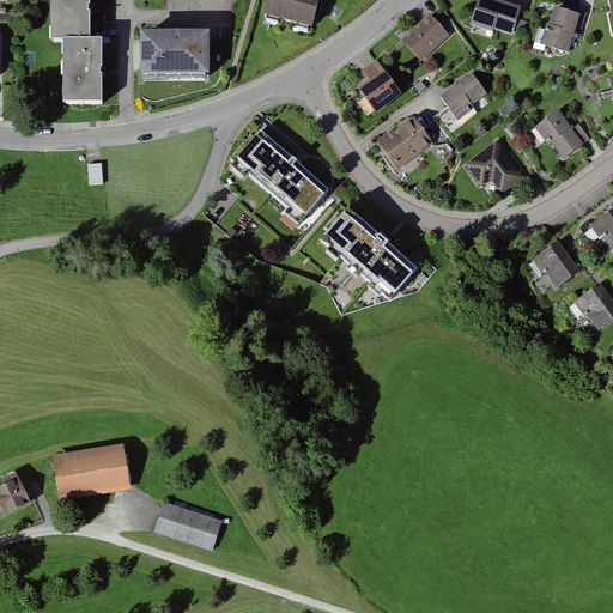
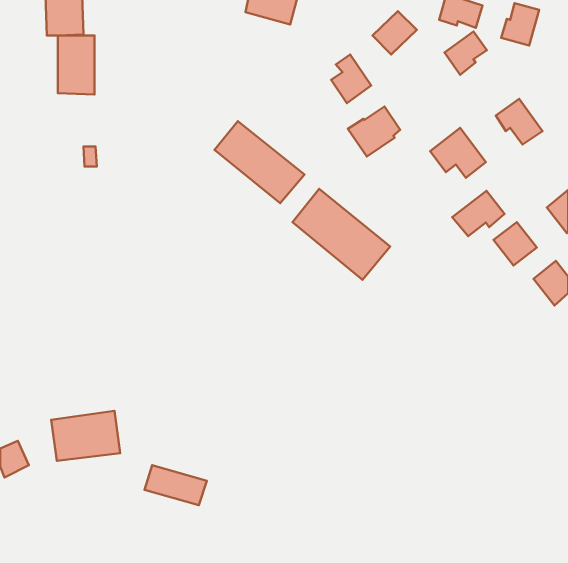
building: [142,34,212,77] -> none
building: [441,71,486,117] -> [444,31,487,75]
building: none -> [452,191,504,236]

